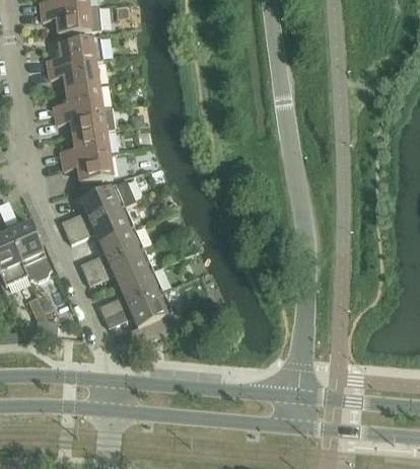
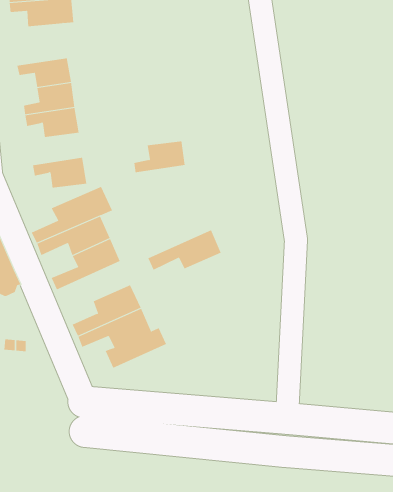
building: [47,35,102,68] -> none
building: [61,130,109,159] -> [134,141,186,173]
building: [84,247,152,285] -> [148,229,222,270]

